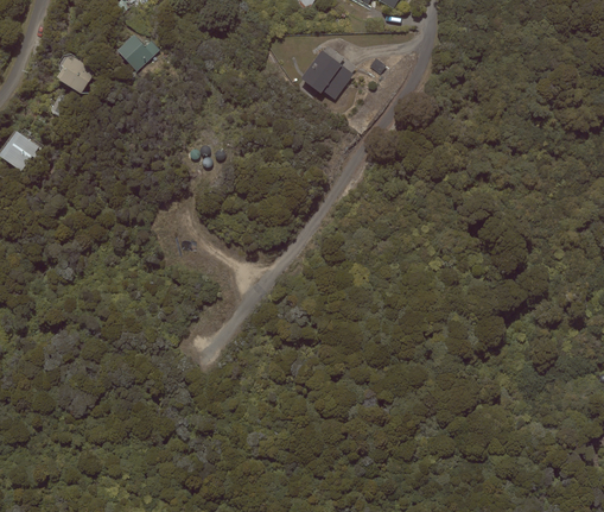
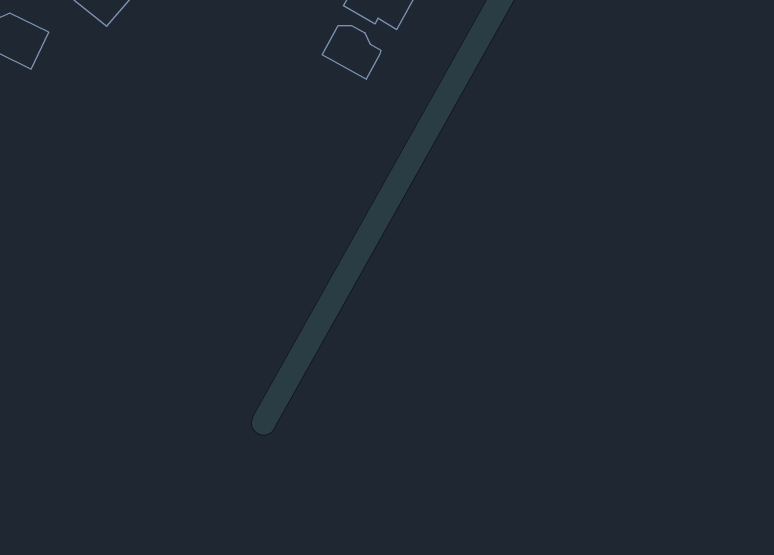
building: none -> [322,26,381,79]

